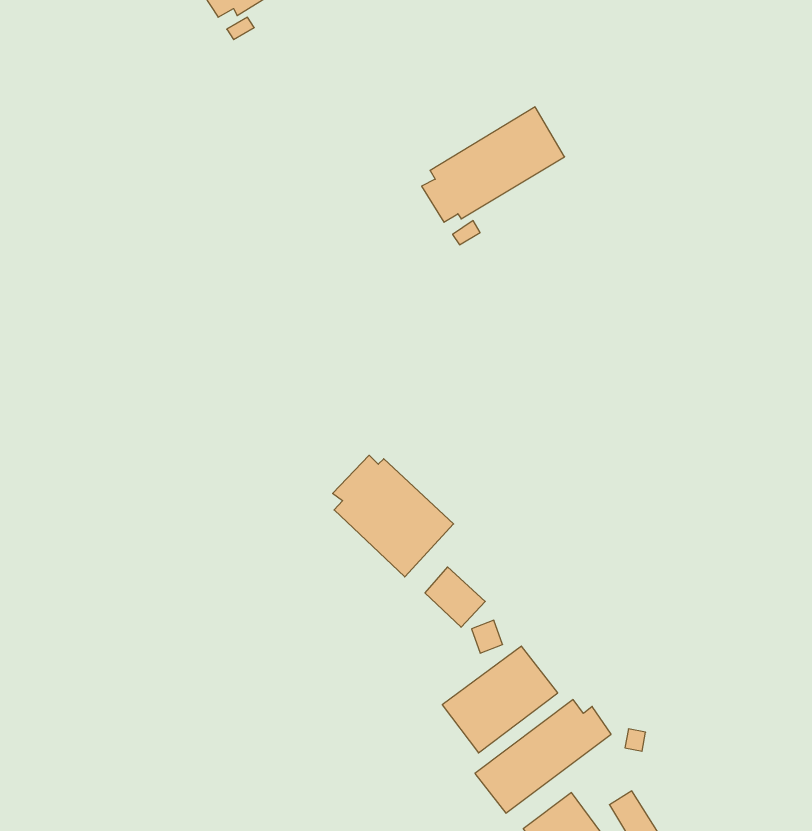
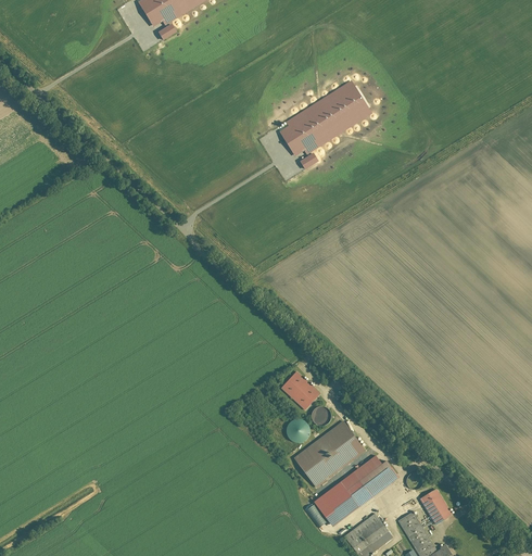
building: [333,455,454,577] -> none
building: none -> [287,418,311,442]
building: none -> [421,489,453,525]

